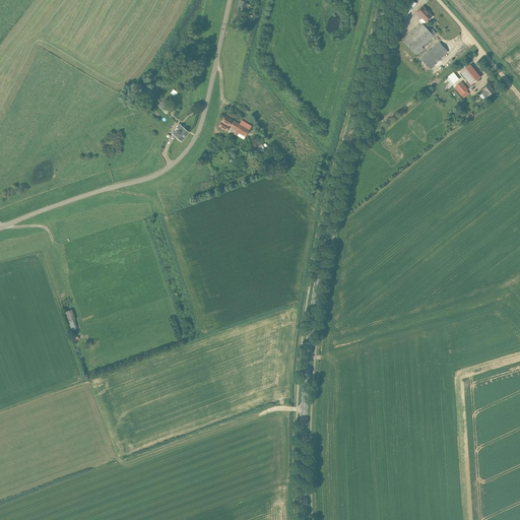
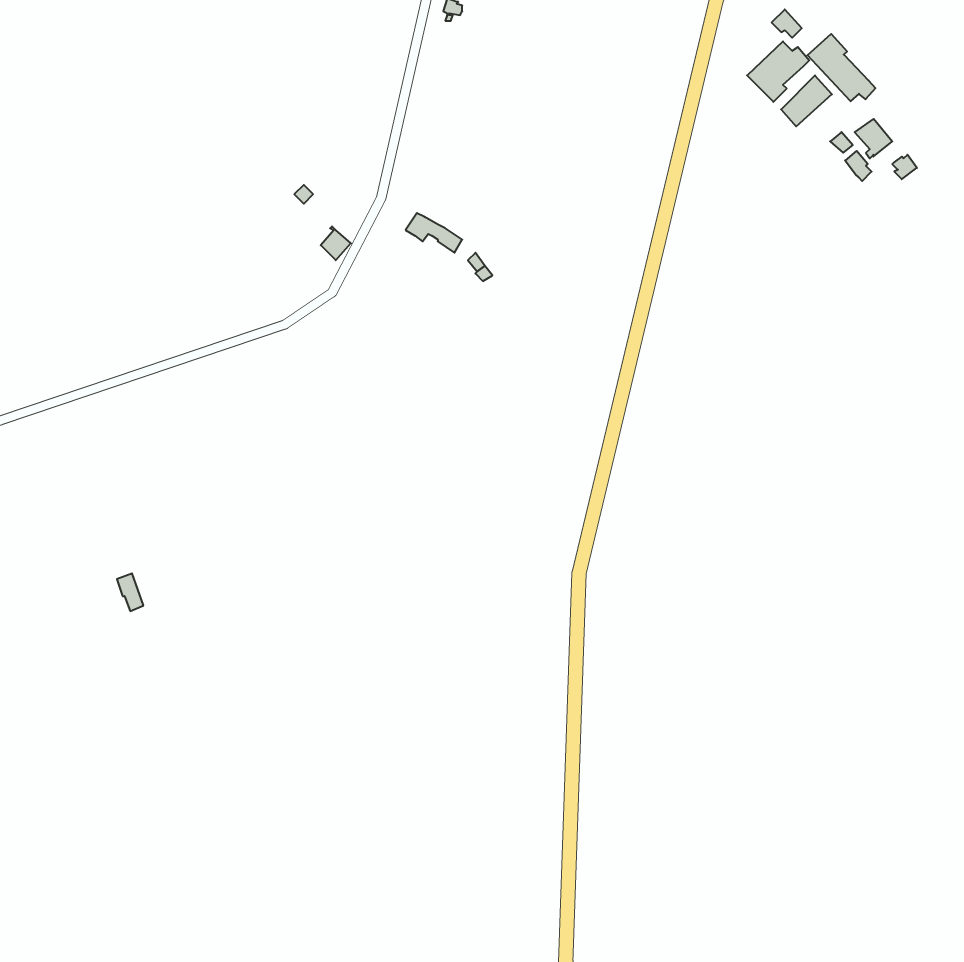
building: none -> [807,34,875,101]

